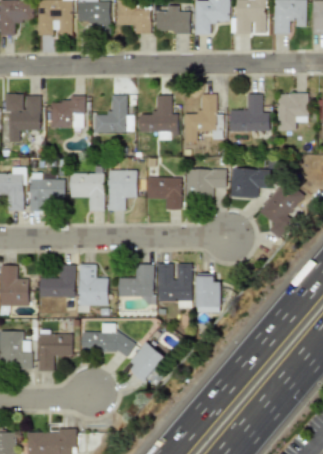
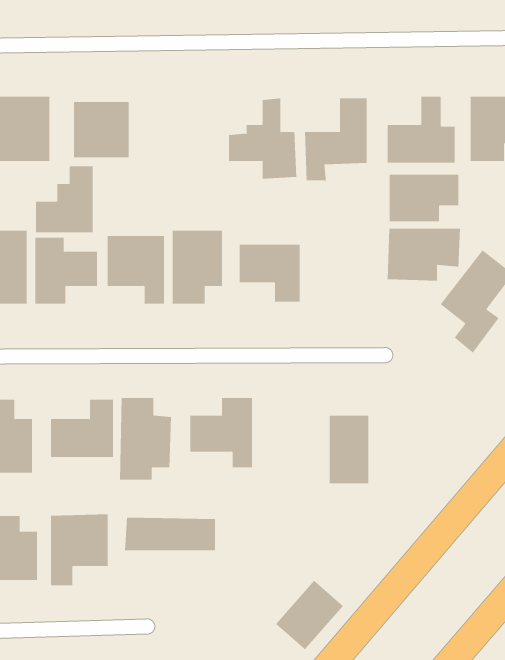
building: [94,94,127,132] -> [35,166,93,233]
building: [186,169,226,196] -> [389,174,459,222]
building: [157,262,192,307] -> none
building: [126,342,165,382] -> [275,580,344,650]

